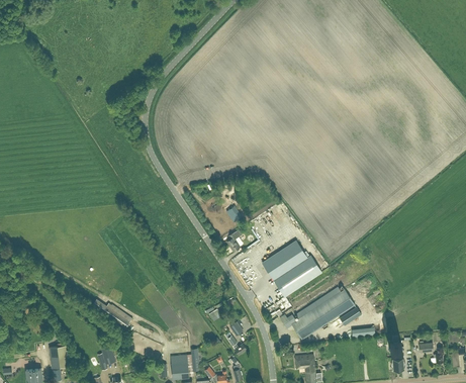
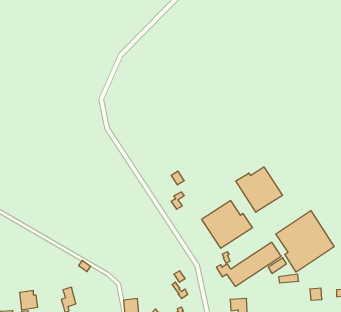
building: none -> [236,167,282,212]
building: none -> [276,211,334,272]

